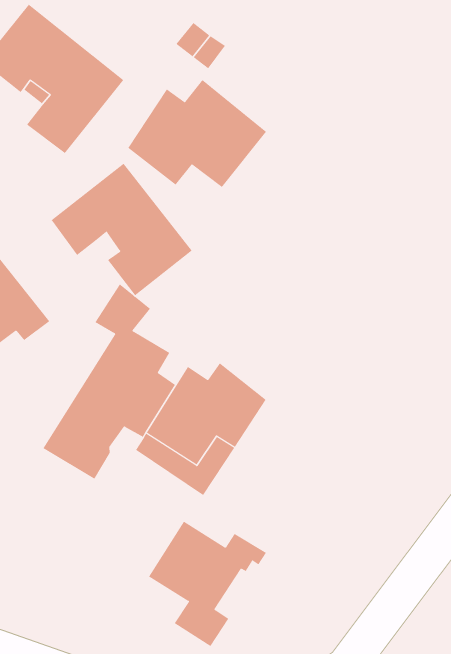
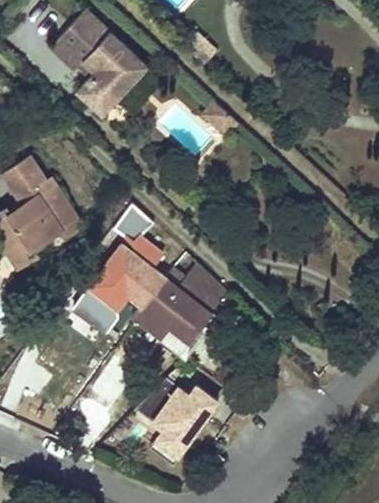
building: [128,79,267,188] -> none
building: [51,163,192,296] -> none

